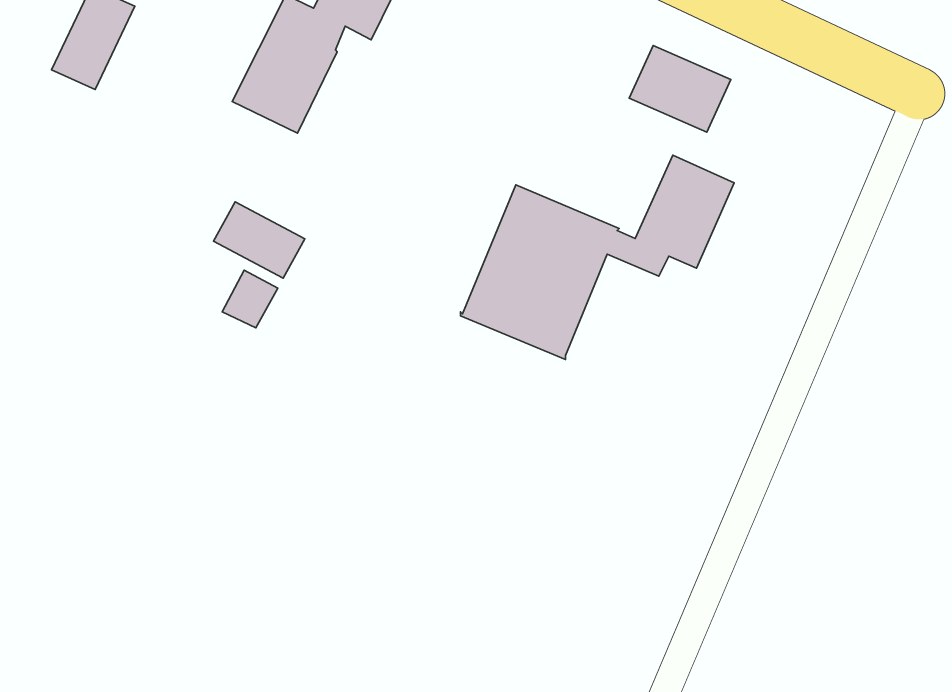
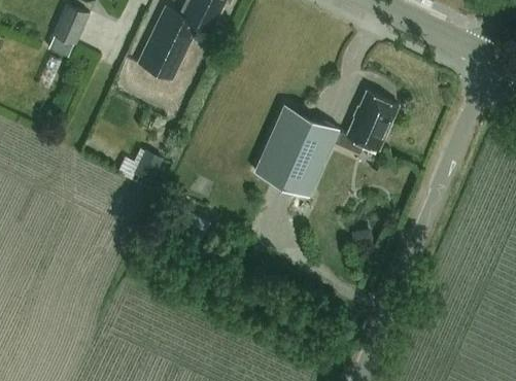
building: [629,45,731,132] -> none
building: [214,202,305,278] -> none

